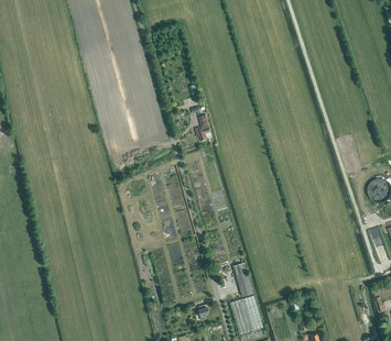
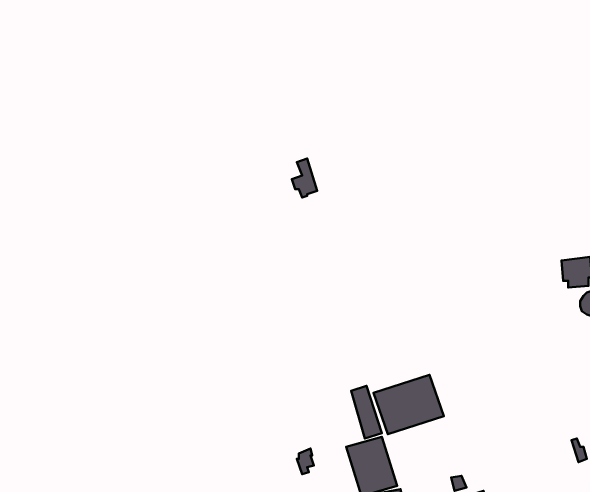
building: none -> [374,375,444,434]

